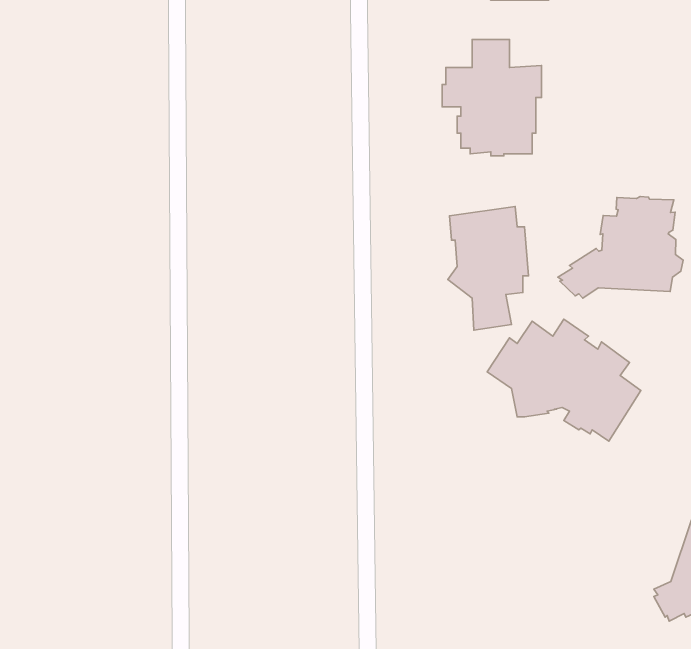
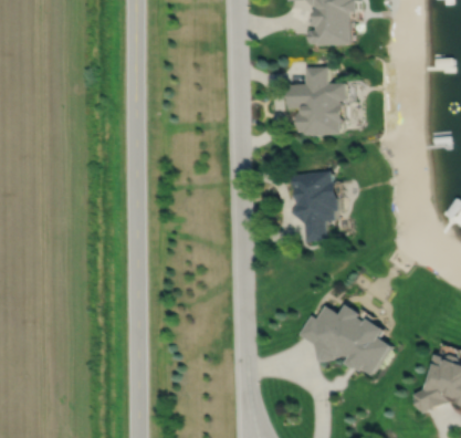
building: [558,196,683,298] -> none
building: [487,319,641,441] -> [300,302,390,374]

